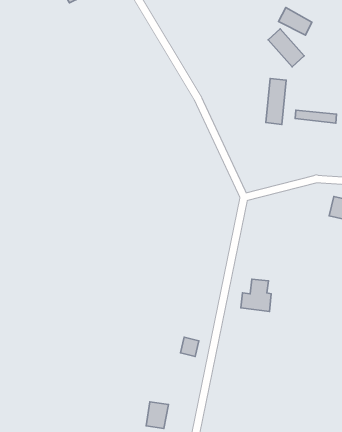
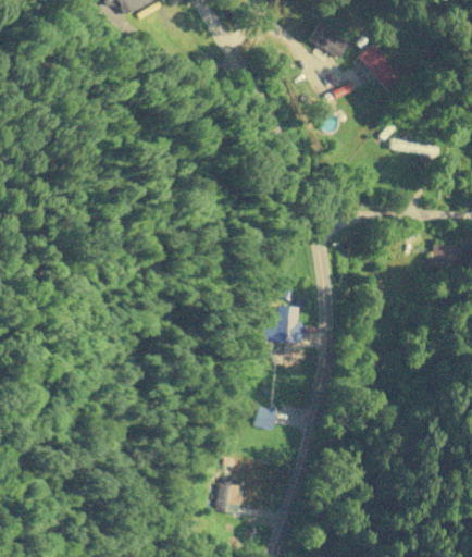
building: [279,8,312,35] -> [310,24,349,57]
building: [266,78,286,125] -> none
building: [241,279,271,311] -> [266,305,302,343]

